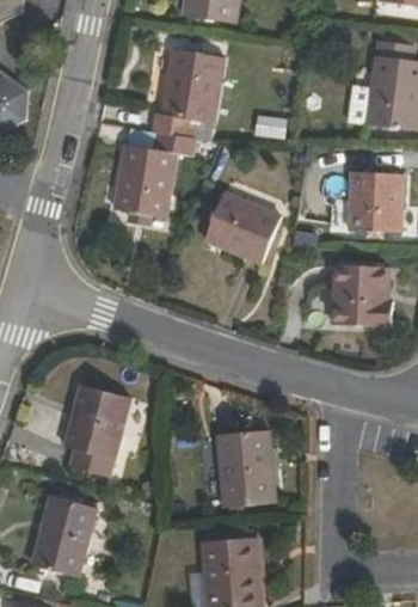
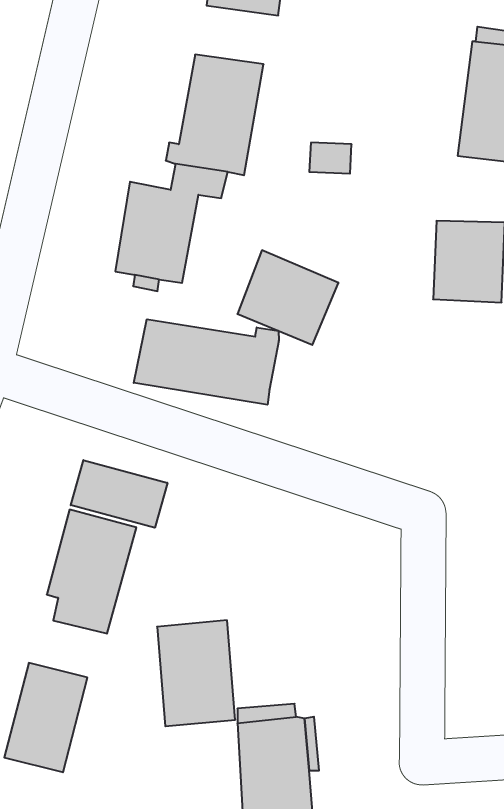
building: none -> [134,319,279,405]
building: [333,265,392,327] -> none
building: none -> [71,460,167,528]
building: [216,428,273,505] -> [157,620,235,726]

